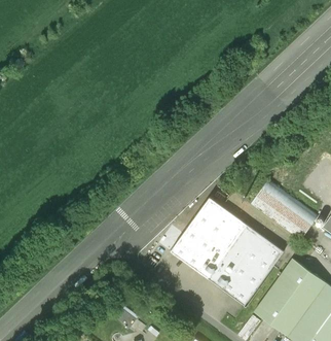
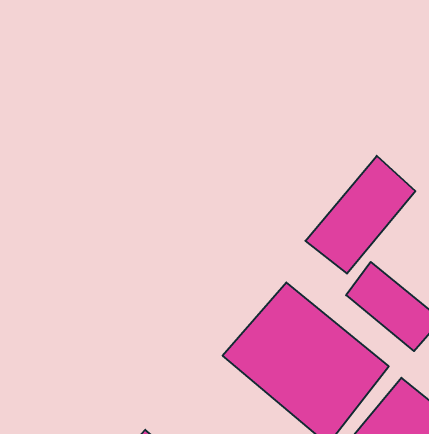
building: none -> [305,156,415,274]

